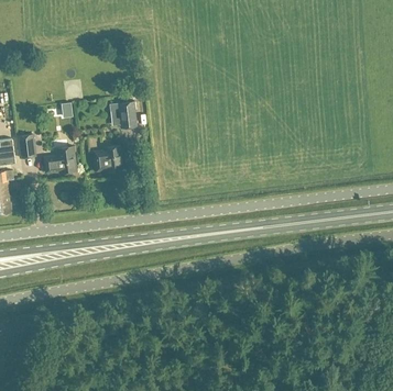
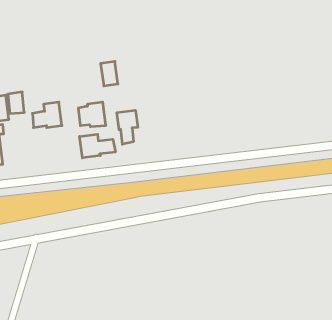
building: none -> [117,110,138,144]
building: none -> [80,134,115,158]

